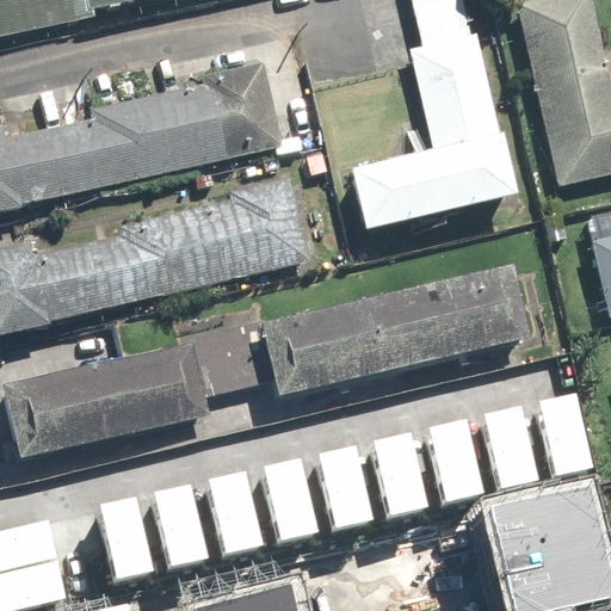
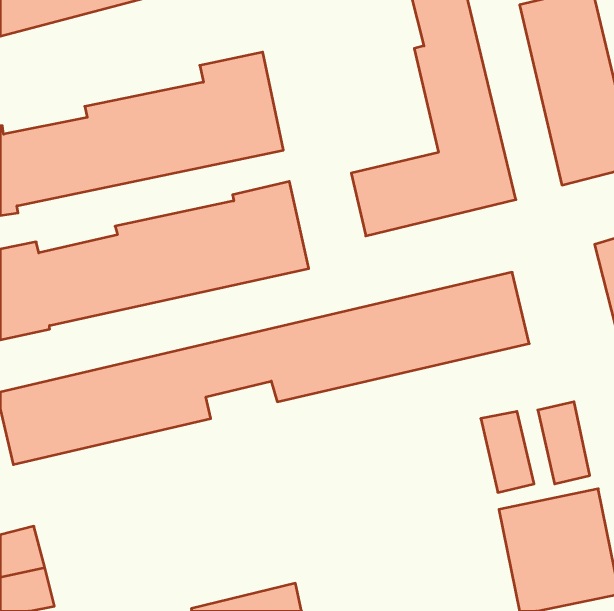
building: [425,418,476,498] -> none
building: [370,431,421,512] -> none
building: [314,443,366,523] -> none
building: [260,458,311,539] -> none
building: [205,471,258,551] -> none
building: [150,485,203,564] -> none
building: [95,496,147,576] -> none

